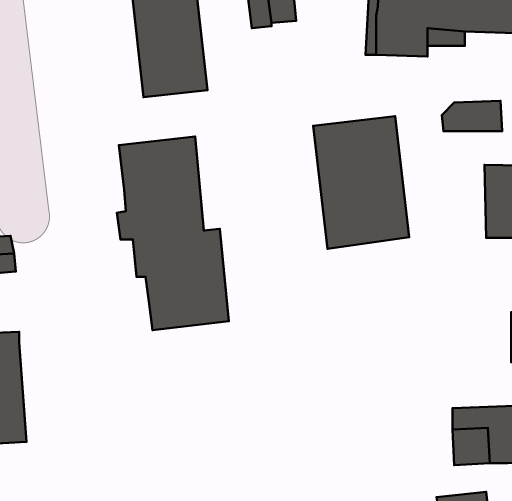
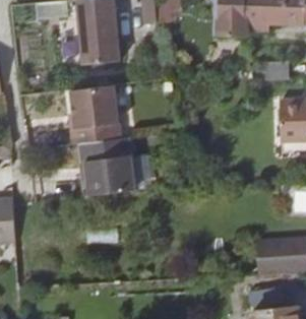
building: [313,116,409,249] -> none

